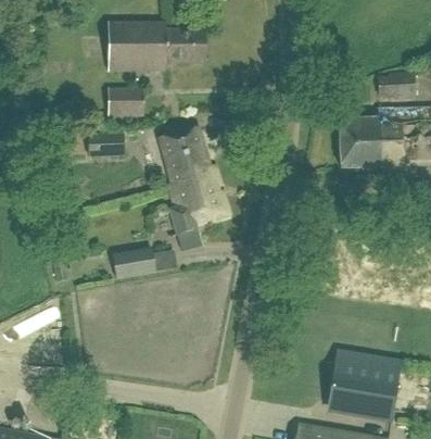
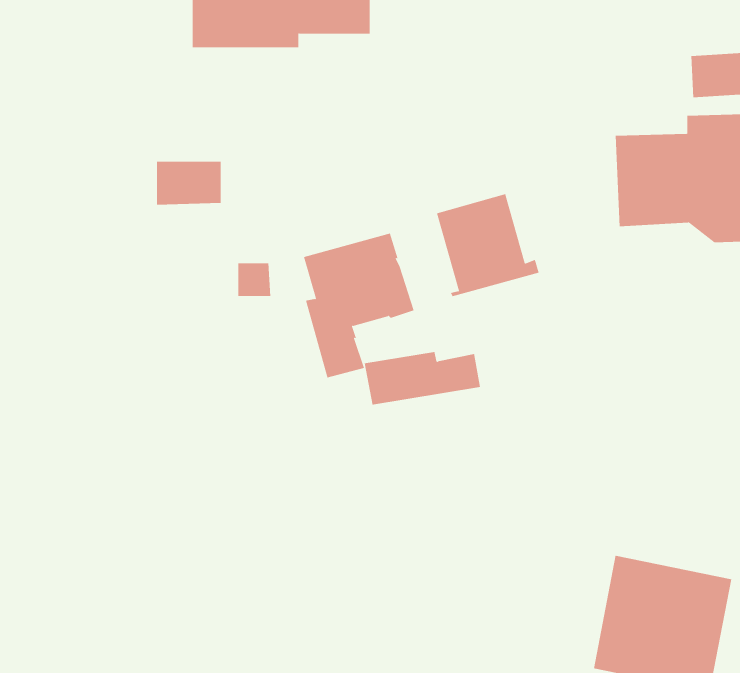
building: [107,87,144,116] -> none
building: [160,128,216,185] -> [436,193,540,297]
building: [112,248,176,277] -> [364,351,481,405]

